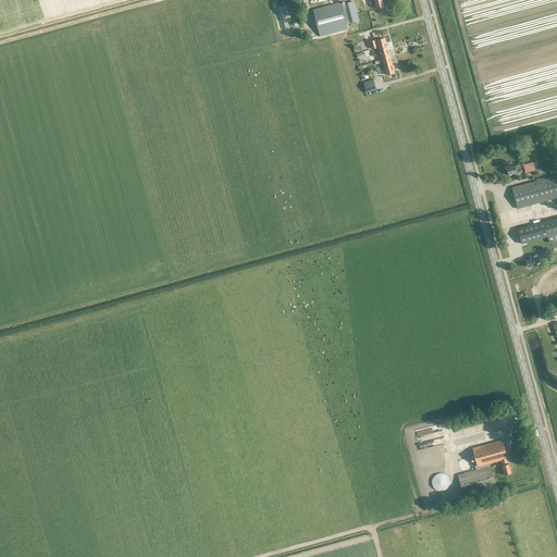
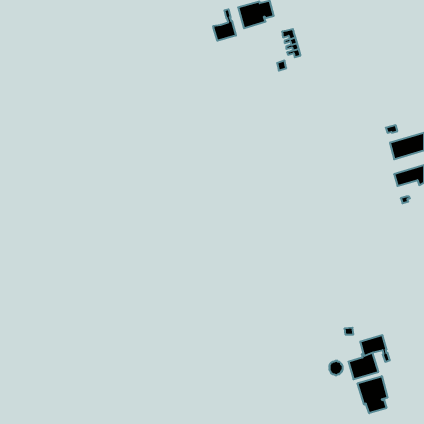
building: none -> [213,9,236,41]
building: none -> [358,376,387,413]

